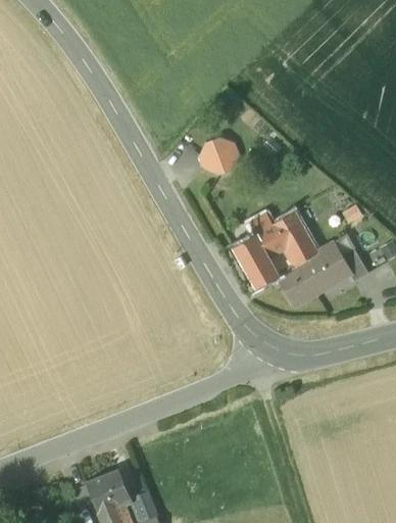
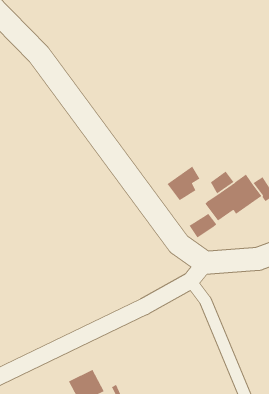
building: [199,137,238,176] -> none
building: [274,213,308,251] -> none
building: [247,258,283,289] -> [188,213,217,239]

